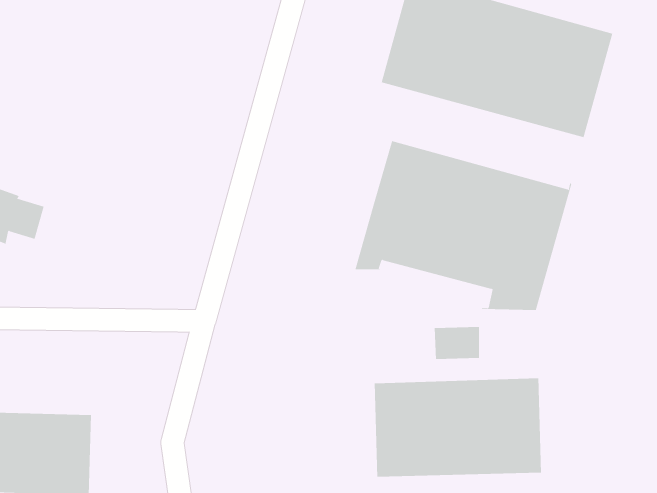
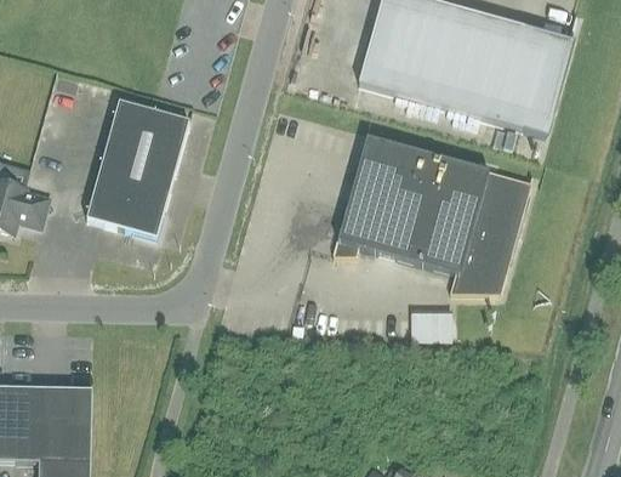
building: none -> [86,101,188,238]
building: [374,378,542,477] -> none

